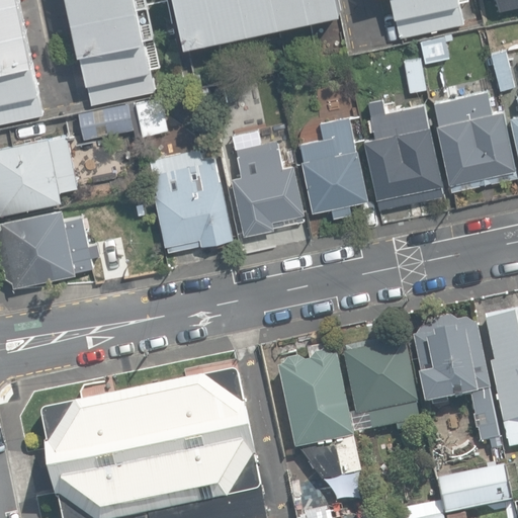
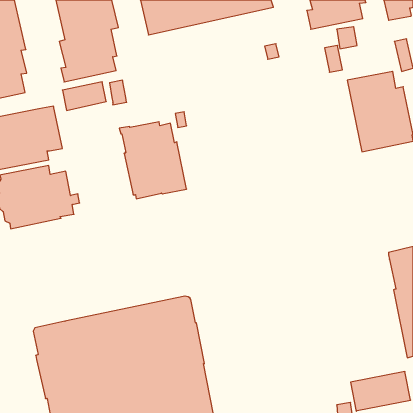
building: [364,99,443,208] -> none
building: [299,117,367,218] -> none
building: [232,144,305,236] -> none
building: [413,317,499,443] -> none
building: [343,341,419,430] -> none
building: [277,345,360,481] -> none

